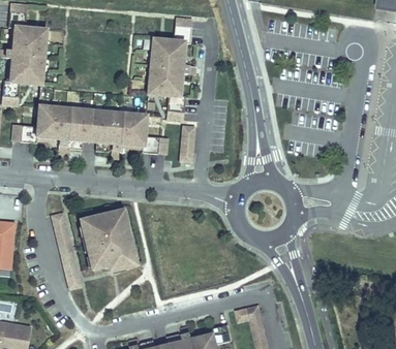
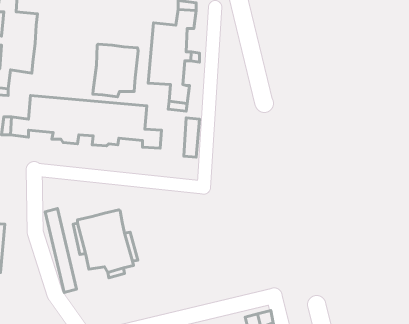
building: none -> [93,44,138,97]

